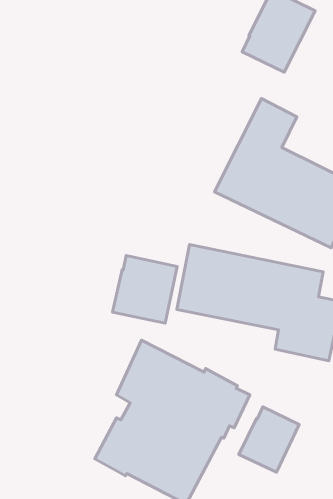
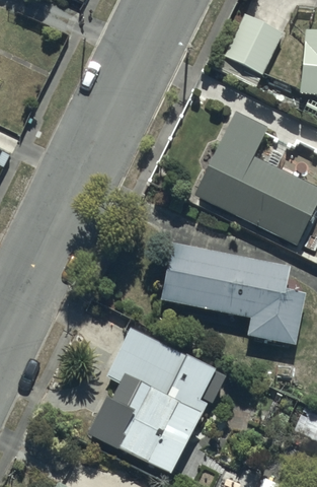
building: [113,255,177,323] -> none
building: [239,407,299,472] -> none

